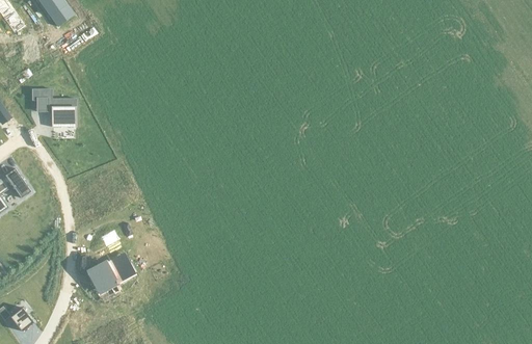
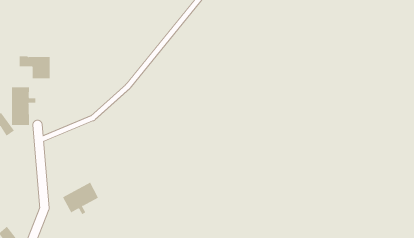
building: none -> [12,87,36,126]

